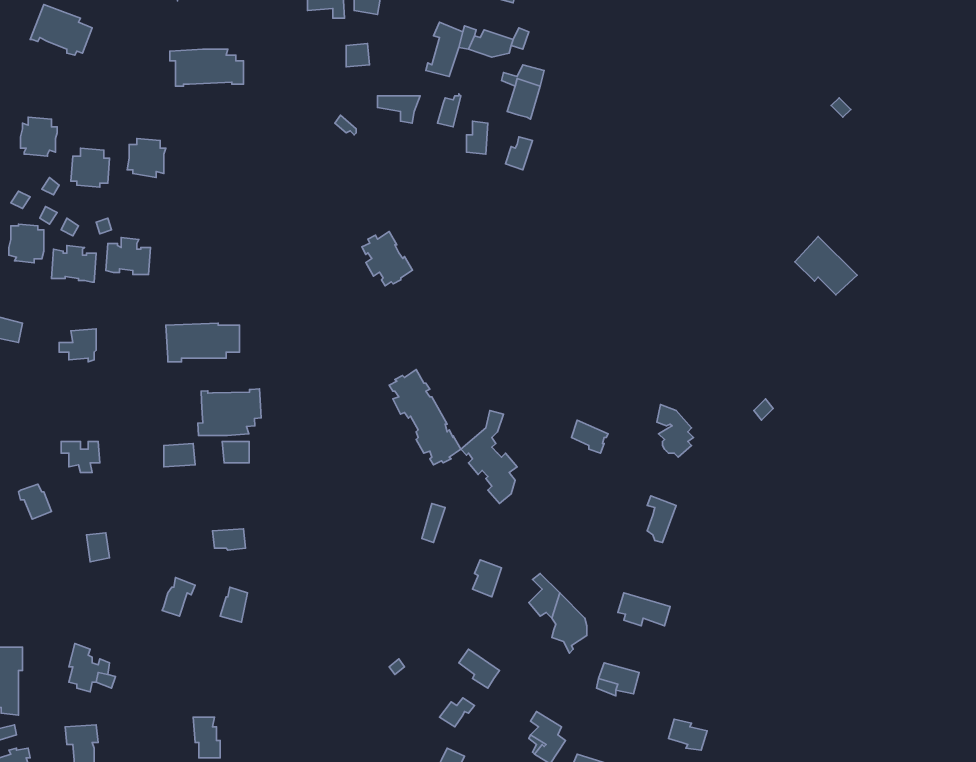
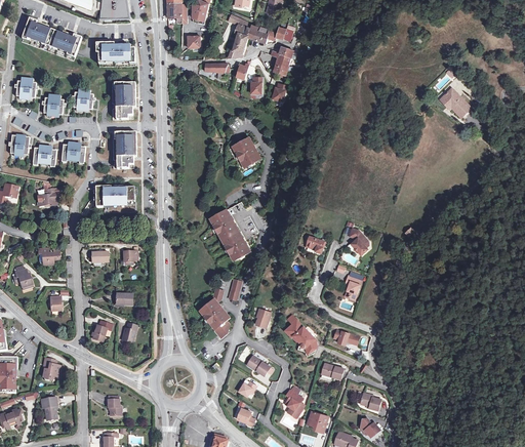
building: none -> [49,29,81,54]
building: none -> [114,81,134,118]
building: none -> [116,129,136,166]
building: [362,231,412,286] -> [234,137,260,166]
building: [795,236,857,295] -> [438,85,471,116]
building: [198,389,261,436] -> none
building: [461,410,517,504] -> [200,288,230,337]

